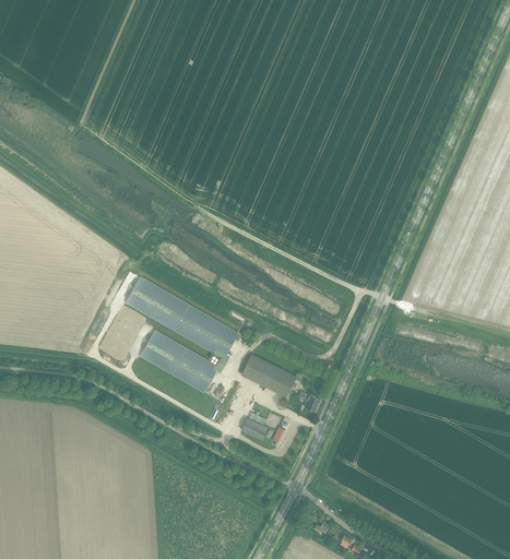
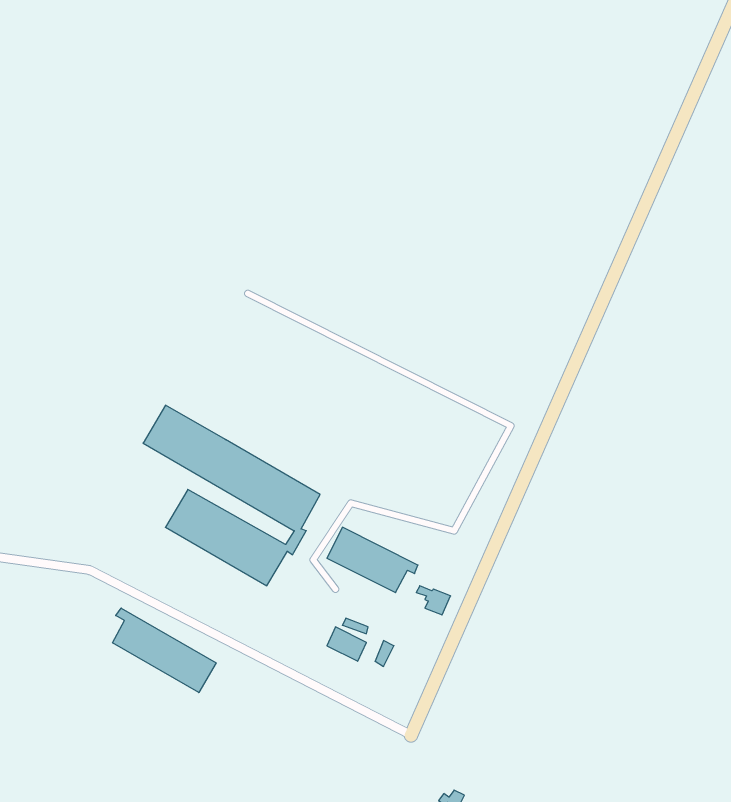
building: none -> [113,608,216,693]

